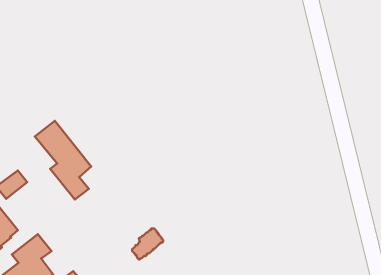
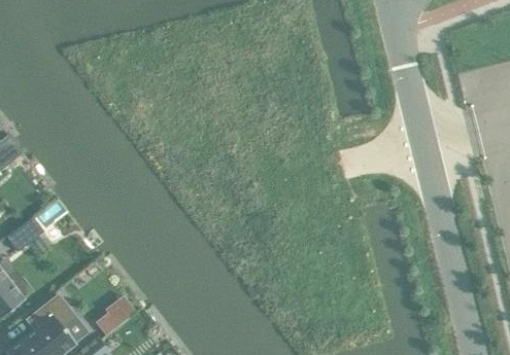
building: [35,121,91,199] -> none
building: [132,228,163,259] -> [97,296,135,334]

